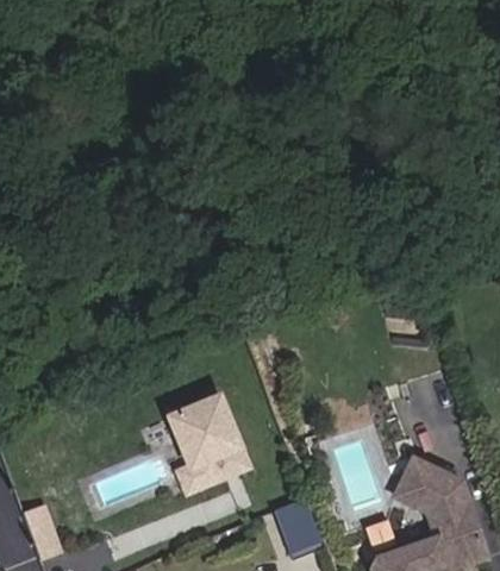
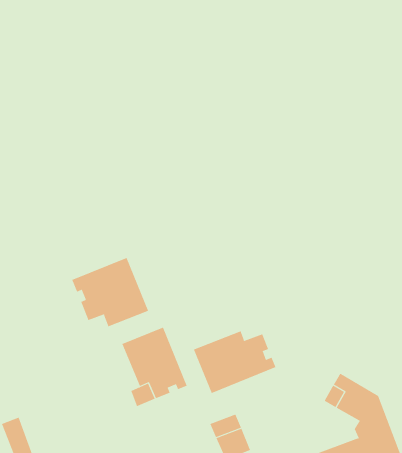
building: none -> [71,257,149,327]
building: none -> [193,331,276,394]

